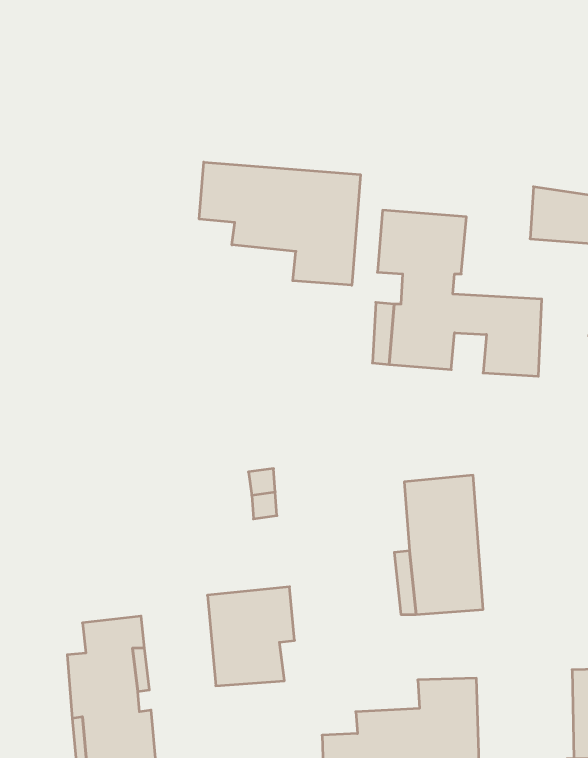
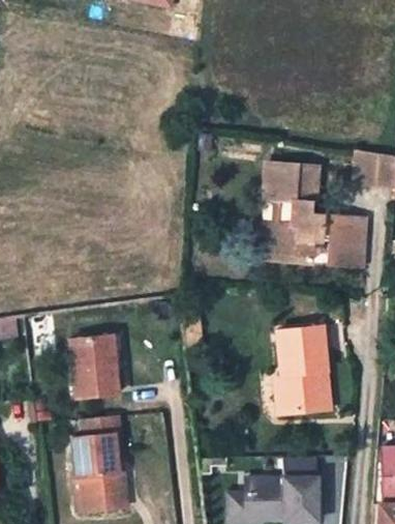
building: [199,162,360,285] -> none
building: [207,587,295,686] -> [70,337,124,398]

